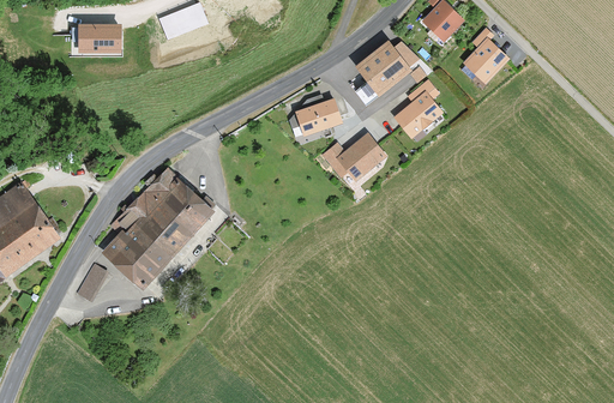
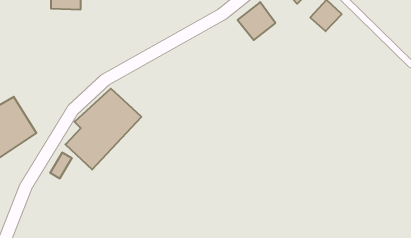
building: [393,91,444,139] -> none
building: [295,98,343,138] -> none
building: [336,133,387,182] -> none

